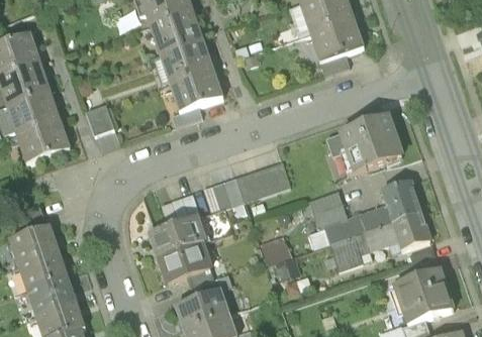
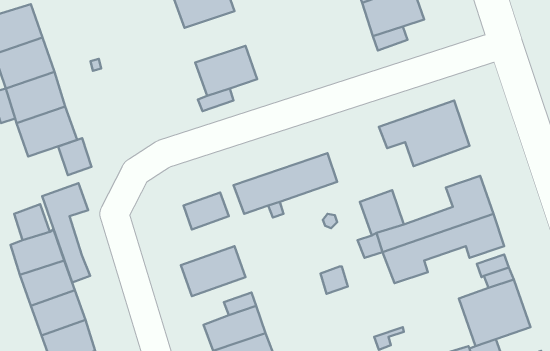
building: [161,40,212,84] -> none
building: [86,104,114,135] -> [58,138,92,175]
building: none -> [42,183,90,283]
building: [149,214,207,255] -> none
building: [260,234,292,264] -> none

